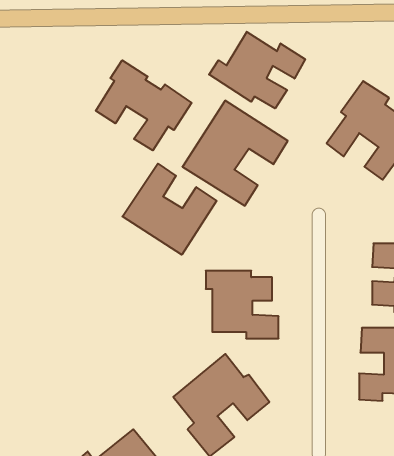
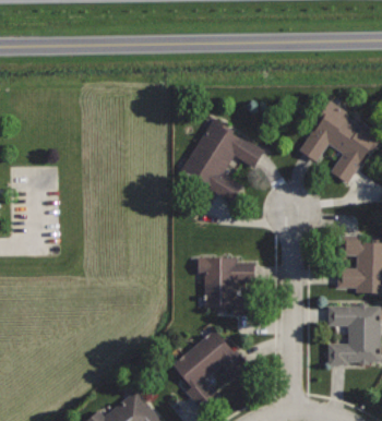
building: [209,32,305,108] -> none
building: [96,60,192,150] -> none
building: [122,164,217,255] -> none

